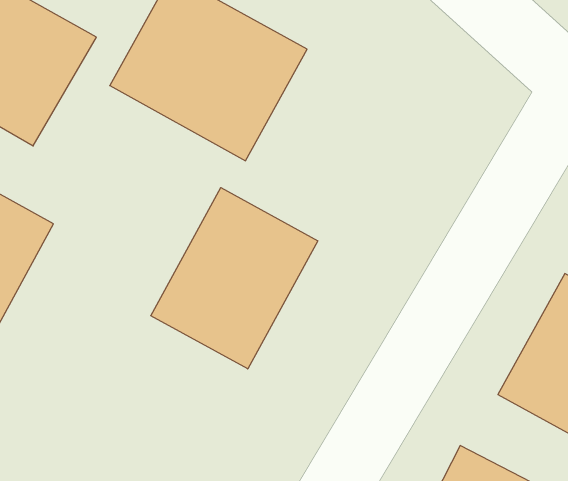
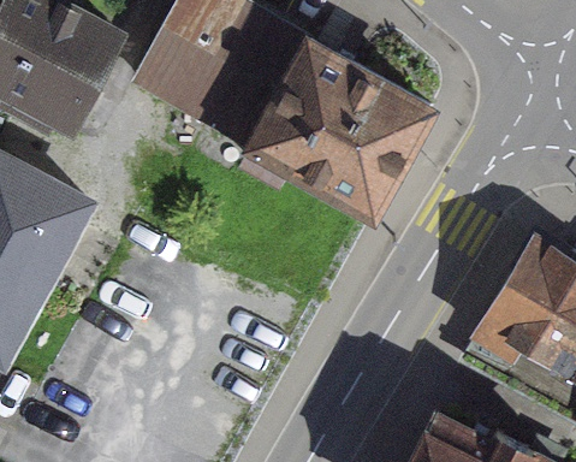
building: none -> [257,49,428,215]
building: [151,188,318,369] -> none

